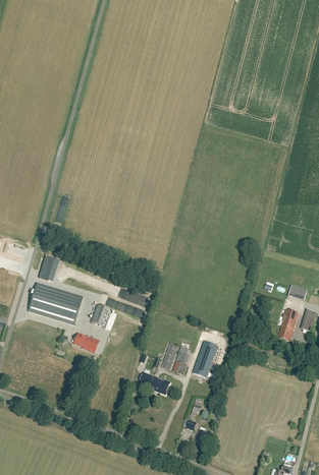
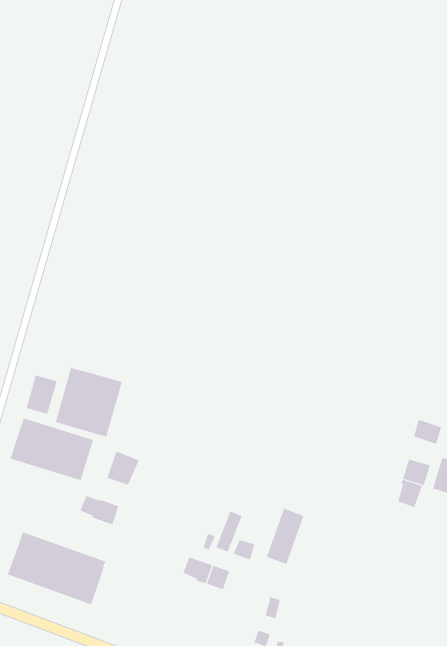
building: none -> [55,367,123,437]
building: none -> [7,531,107,605]

